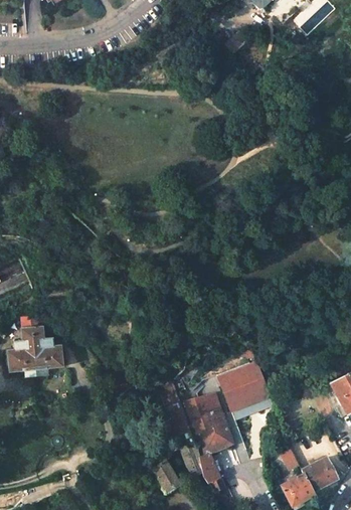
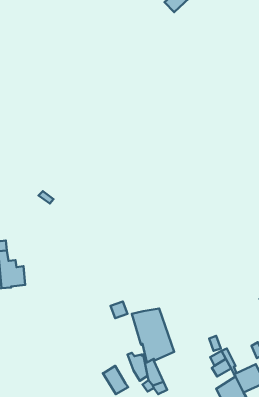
building: [217,360,270,410] -> none

